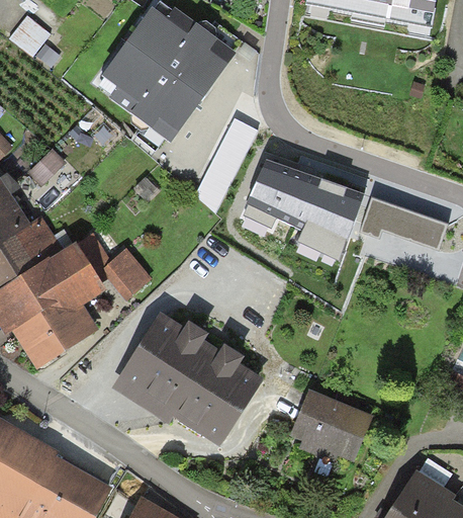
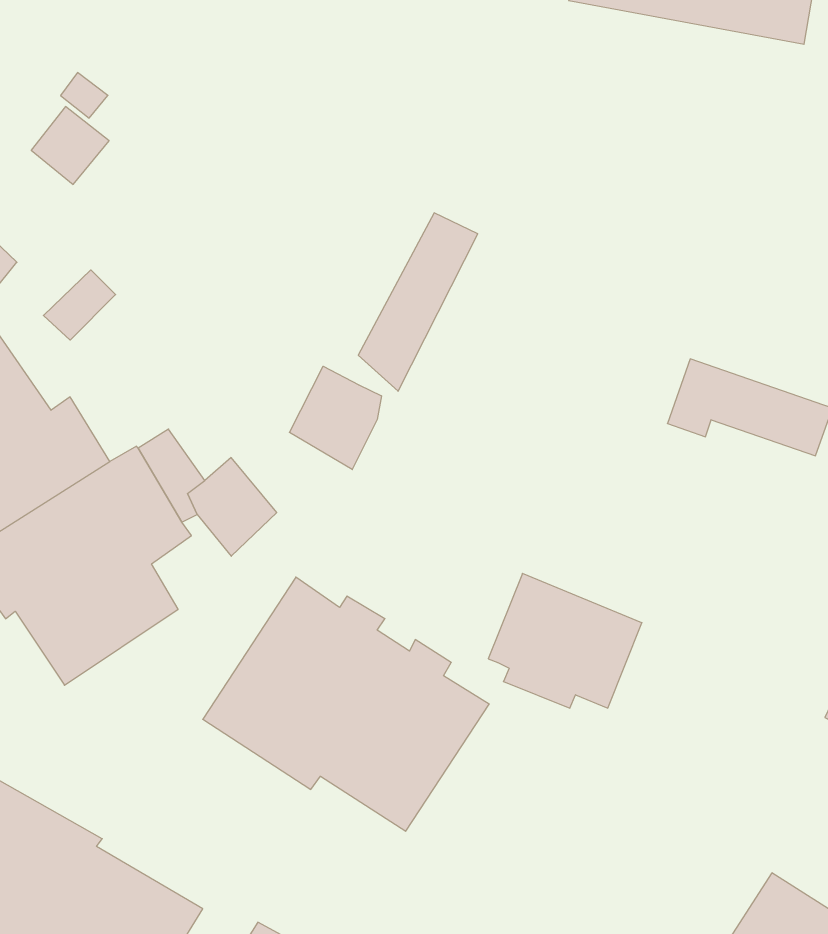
building: [101,8,236,142] -> none
building: [9,14,51,56] -> [31,107,109,184]
building: [243,158,364,259] -> none
building: none -> [289,366,381,470]
building: [290,390,372,461] -> [488,573,642,708]

